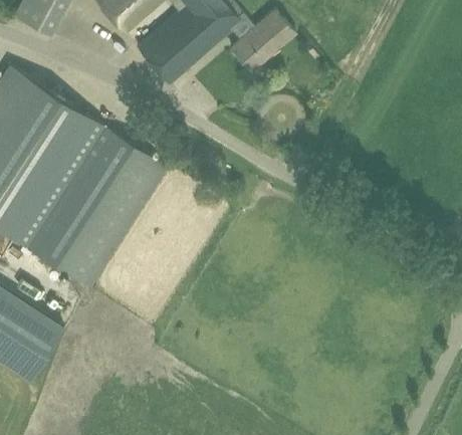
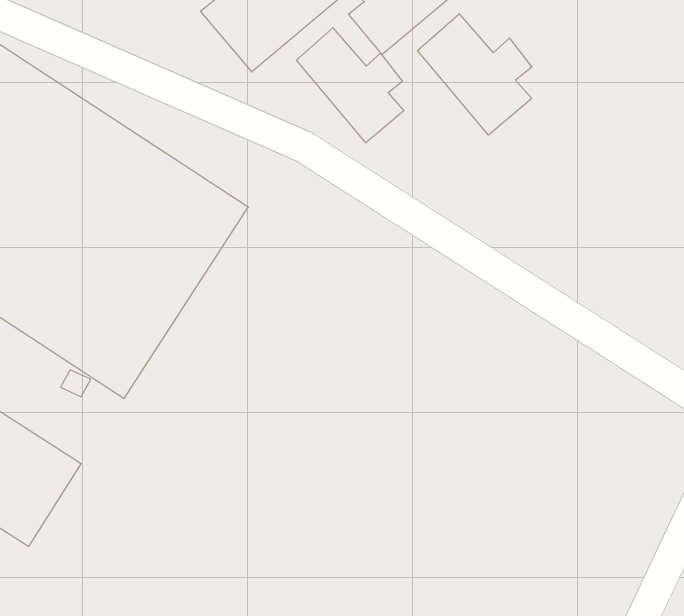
building: none -> [418,14,532,135]
building: none -> [297,28,404,143]

